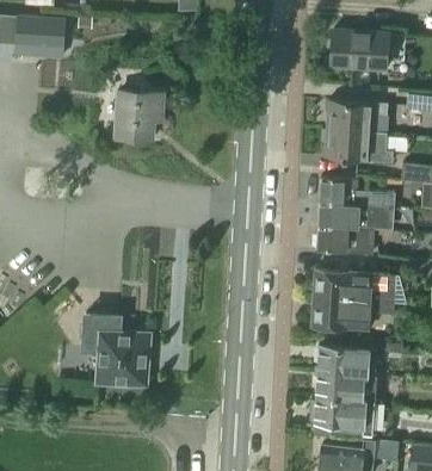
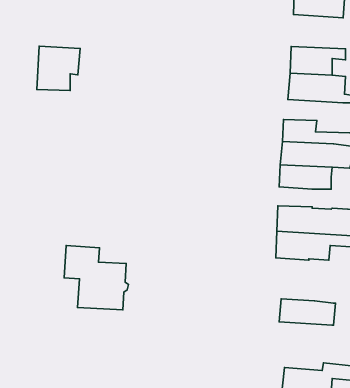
building: [118,92,165,140] -> [37,46,80,90]
building: [317,347,376,377] -> none
building: [314,397,372,433] -> none

